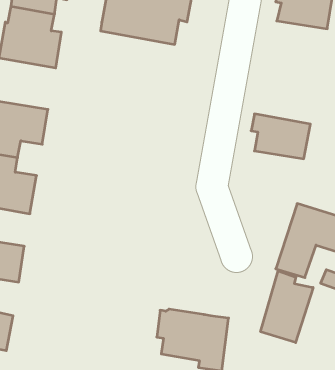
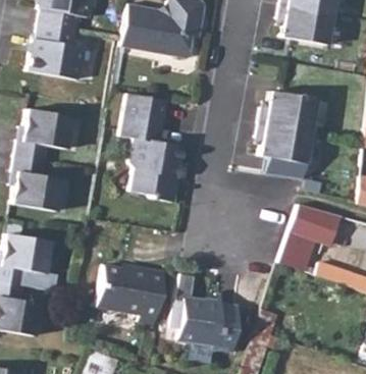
building: none -> [260,90,317,130]
building: none -> [120,94,185,204]
building: [261,271,313,343] -> none
building: none -> [96,265,164,324]

